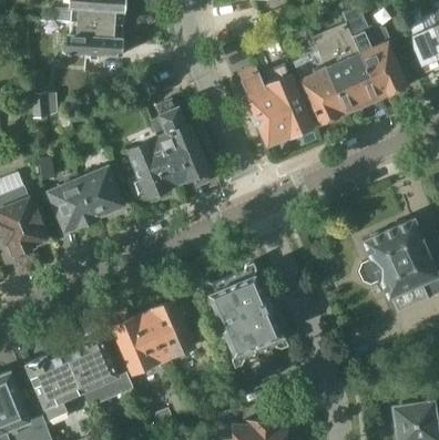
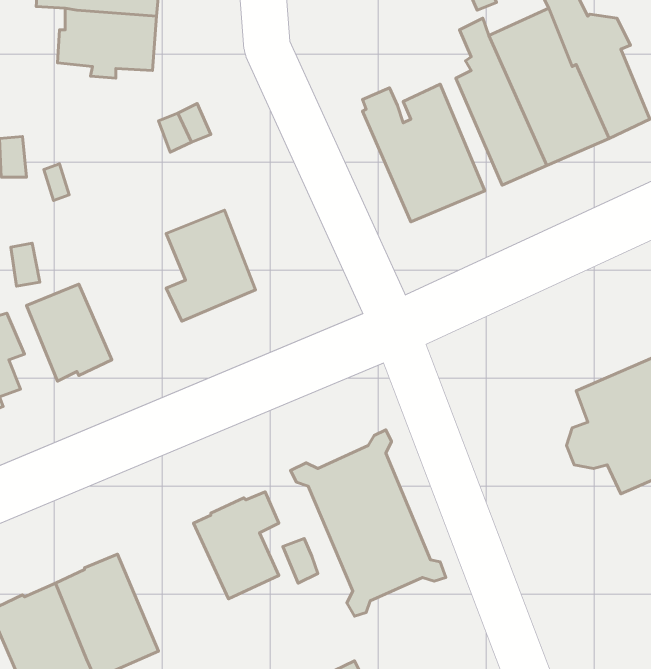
building: [154,99,208,184] -> none
building: [79,165,126,222] -> none
building: [114,311,164,370] -> none

